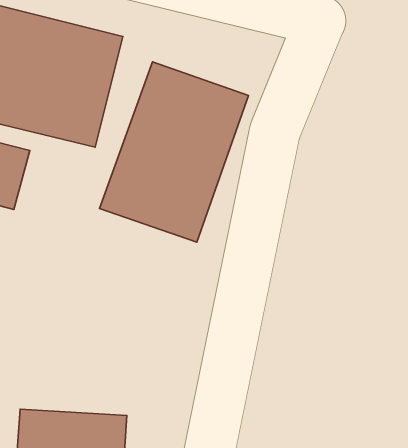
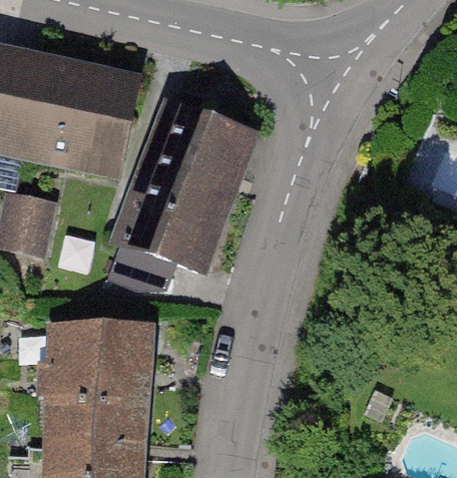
building: none -> [45,319,153,438]

